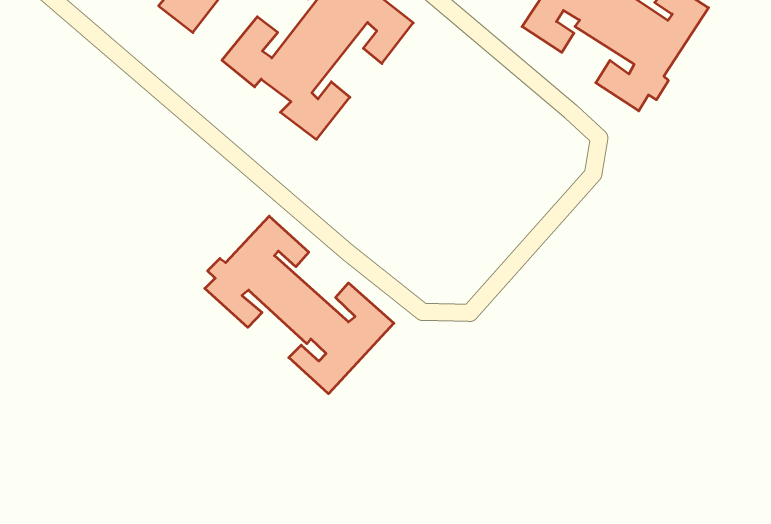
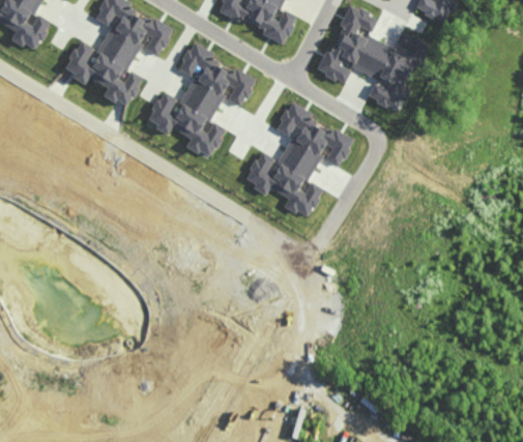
building: none -> [243,106,352,217]
building: [205,216,394,394] -> none

